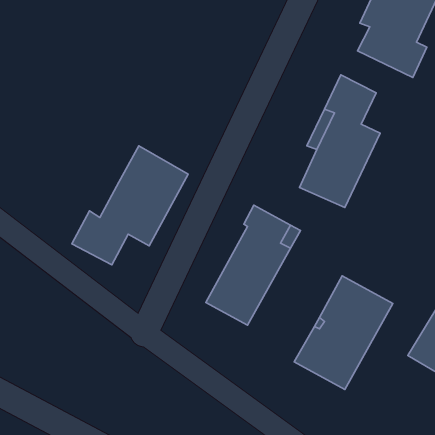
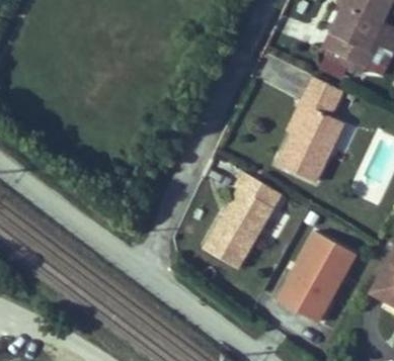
building: [72,146,188,265] -> none

